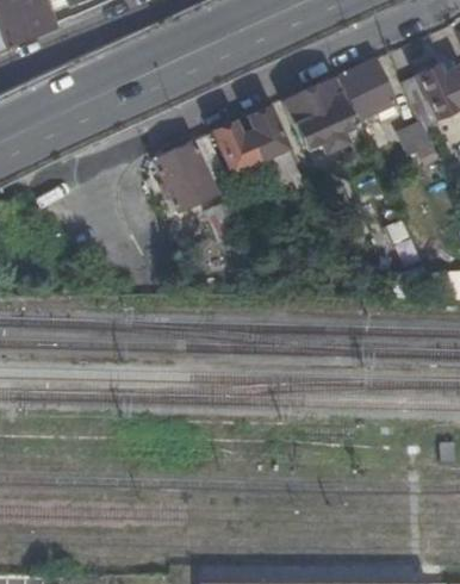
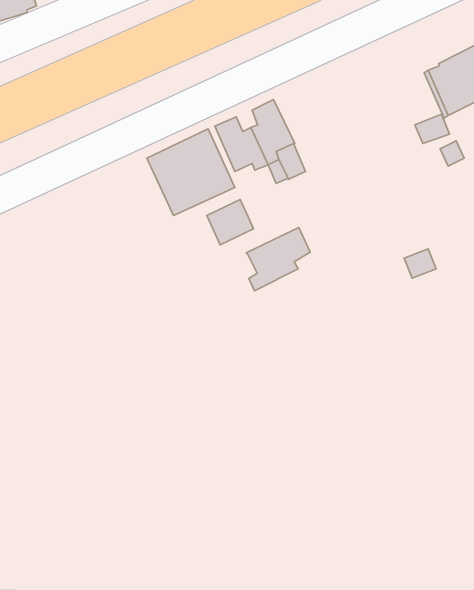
building: [340,60,393,117] -> none
building: [284,77,354,151] -> none
building: none -> [246,228,310,291]

